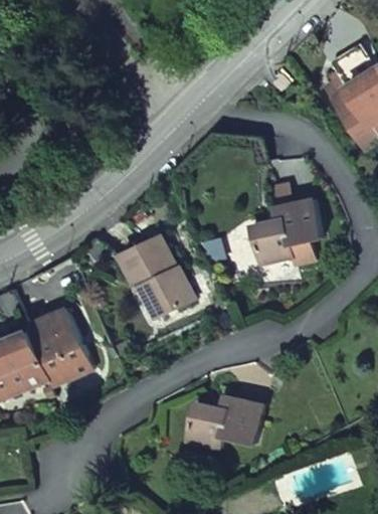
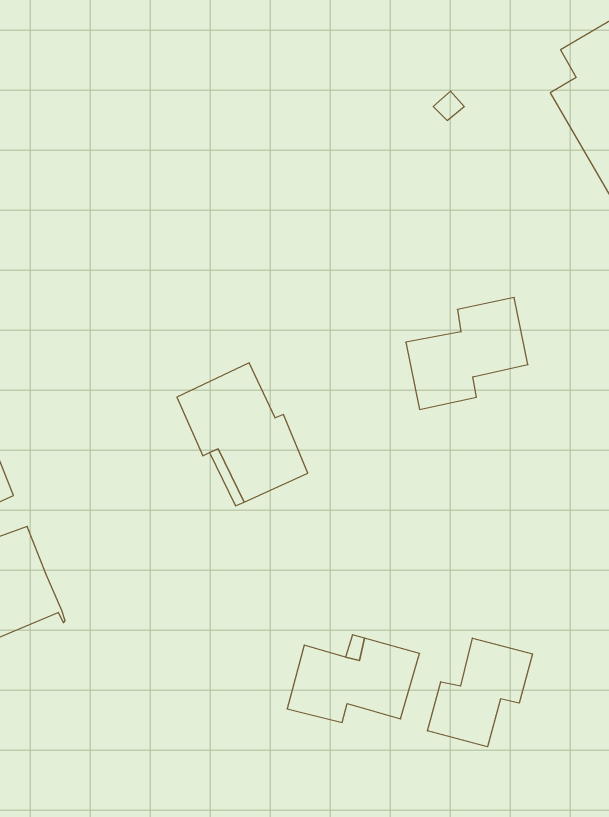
building: [28,310,91,386] -> none
building: none -> [427,638,532,747]

